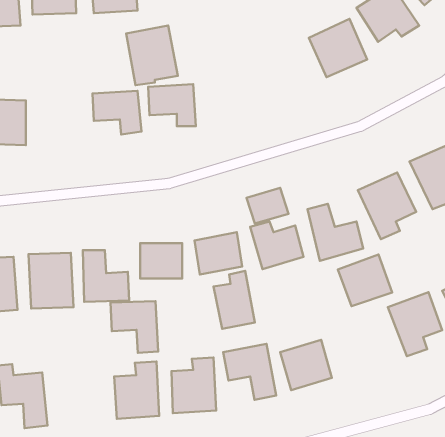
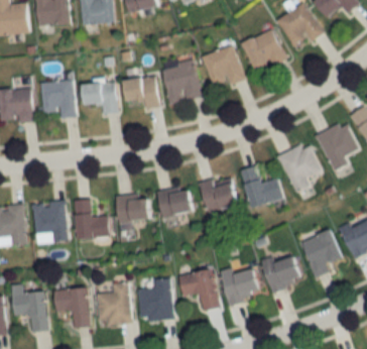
building: [126,25,178,85] -> [162,60,201,104]
building: none -> [203,46,244,85]
building: none -> [41,80,77,118]
building: [246,188,289,224] -> none
building: [338,255,392,306] -> [261,253,301,292]
building: [214,271,255,329] -> none
building: [111,301,158,353] -> [53,288,89,327]

